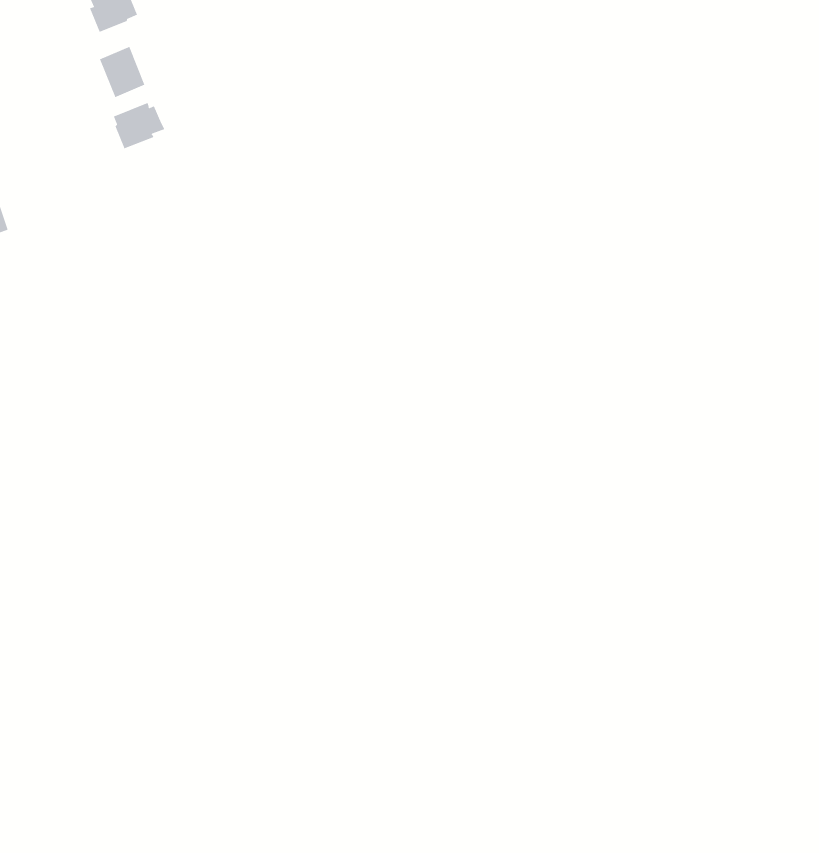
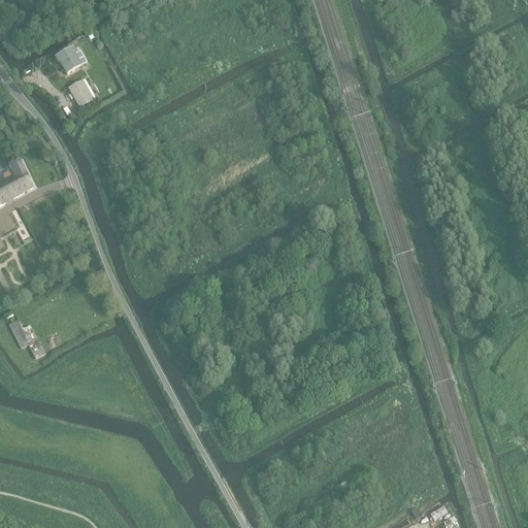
building: [113,102,165,149] -> none

